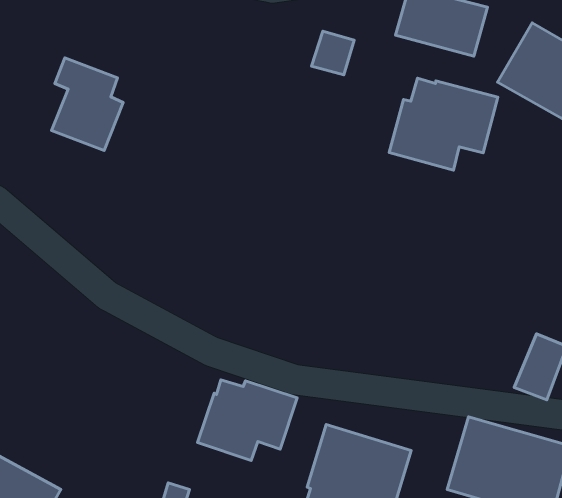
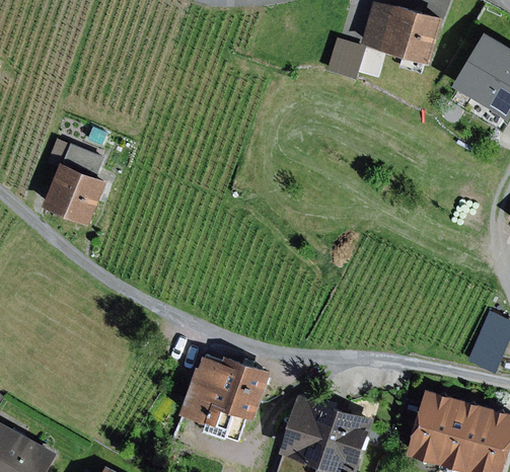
building: [311,31,354,75] -> [325,40,364,79]
building: [51,58,123,151] -> [42,141,106,225]
building: [389,78,498,170] -> none

